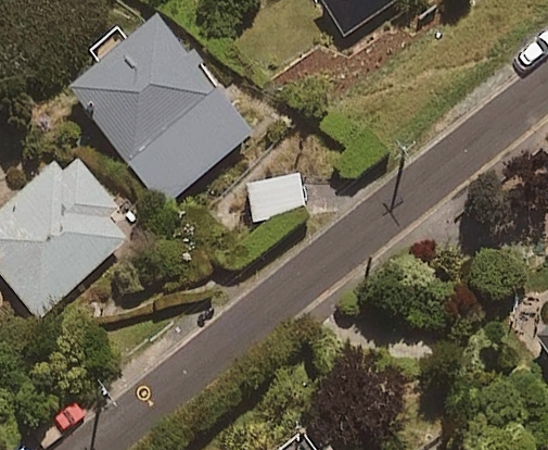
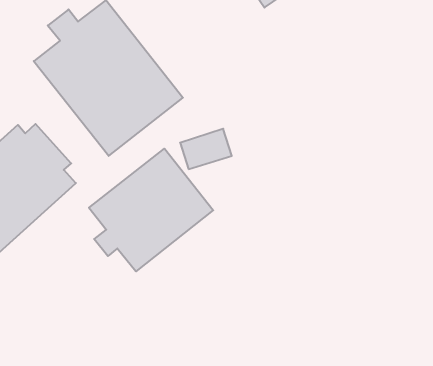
building: none -> [89,149,213,271]

